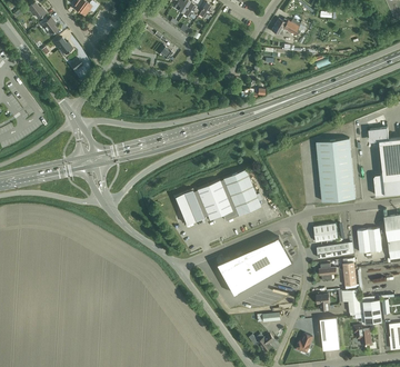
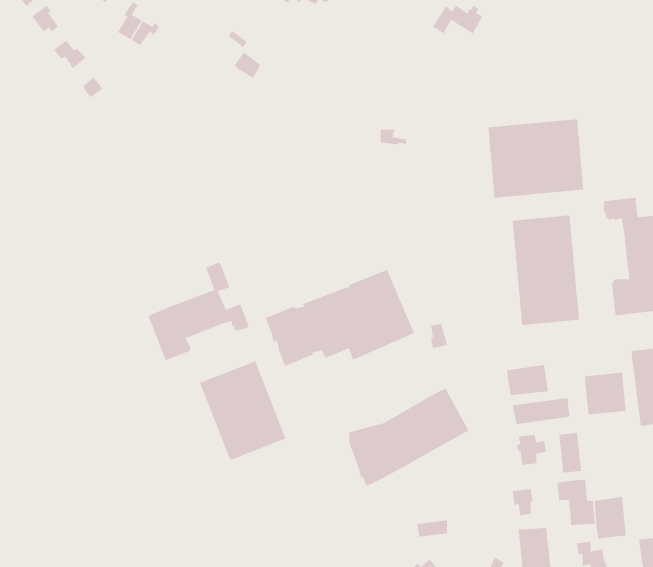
building: none -> [488,119,584,198]
building: none -> [148,262,250,361]
building: none -> [199,361,286,461]

